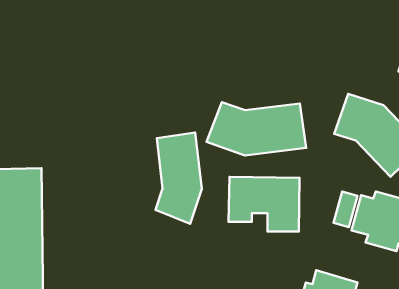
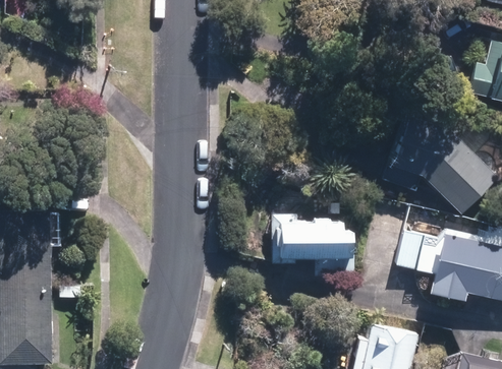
building: [207,102,306,155] -> none
building: [156,132,202,224] -> none

